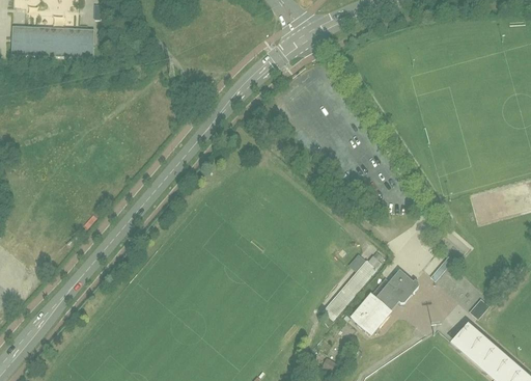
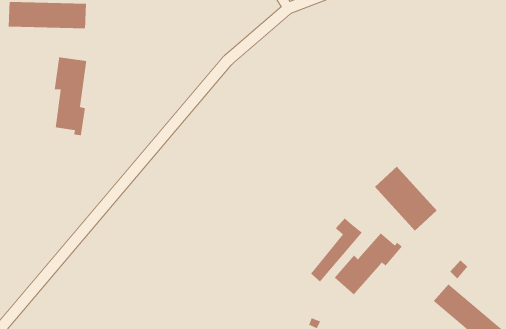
building: none -> [54,57,87,136]
building: none -> [374,166,437,232]

